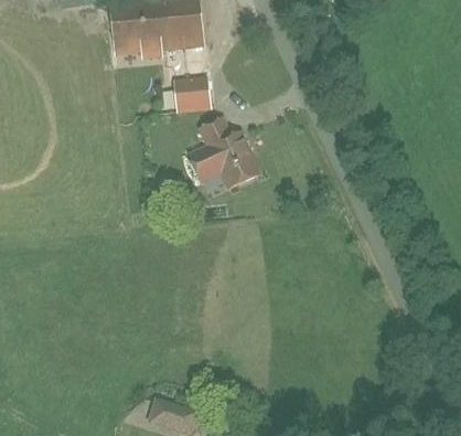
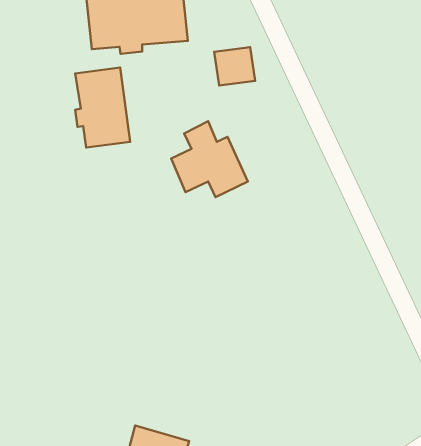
building: none -> [75,67,130,148]
building: [173,76,211,111] -> [214,47,255,86]

